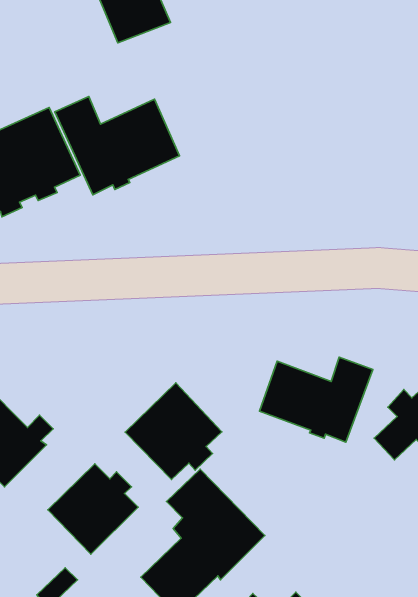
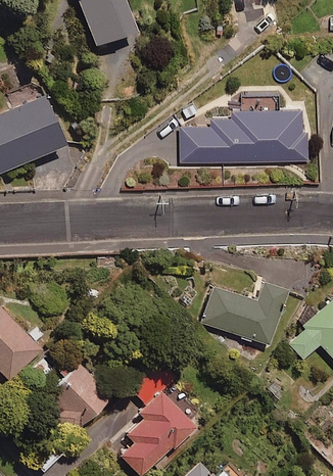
building: [55,97,180,195] -> none
building: none -> [185,97,312,163]
building: [125,383,222,480] -> none

